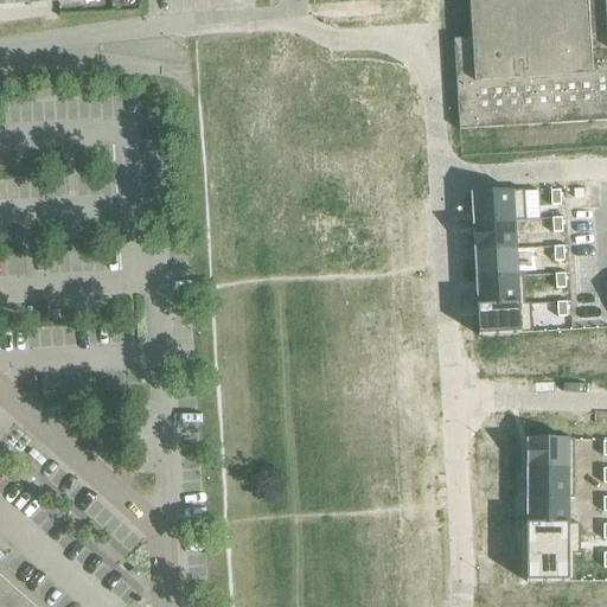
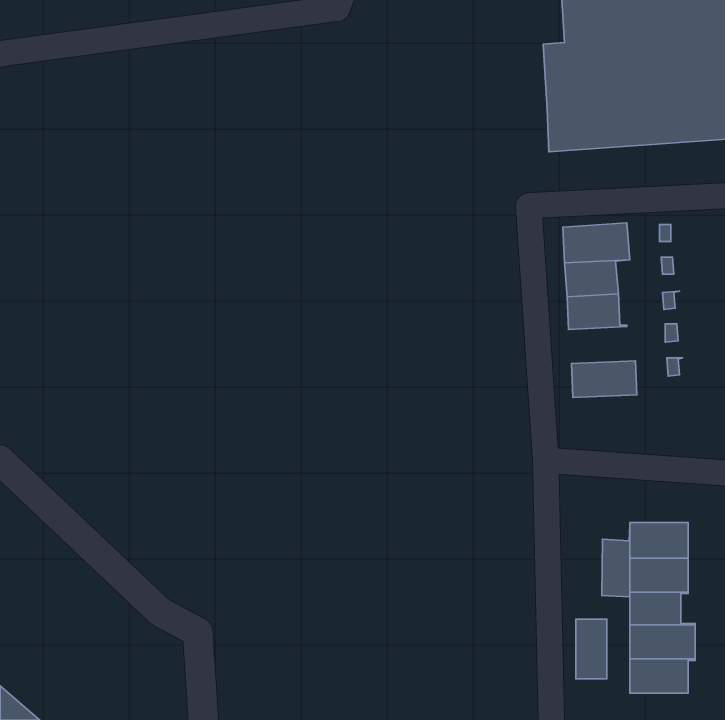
building: [475,273,531,304] -> none
building: none -> [602,525,630,597]
building: none -> [576,619,607,679]

